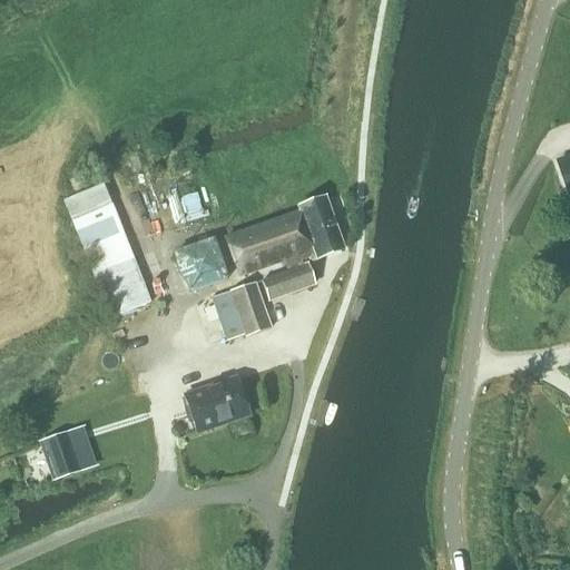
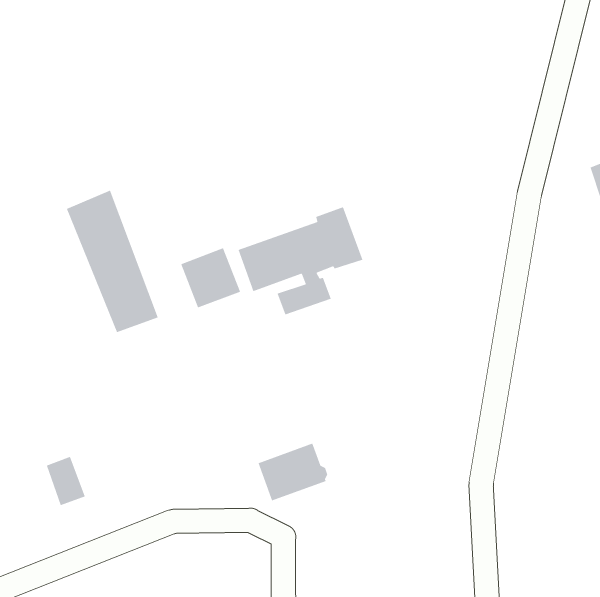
building: [213,281,272,340] -> none
building: [185,375,252,431] -> [257,443,328,502]

